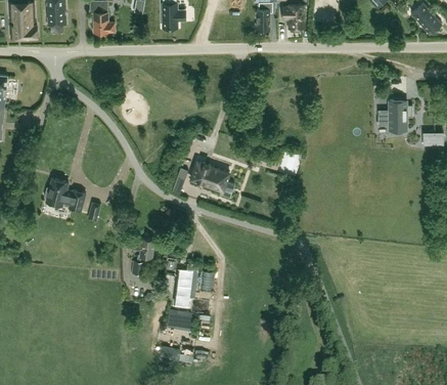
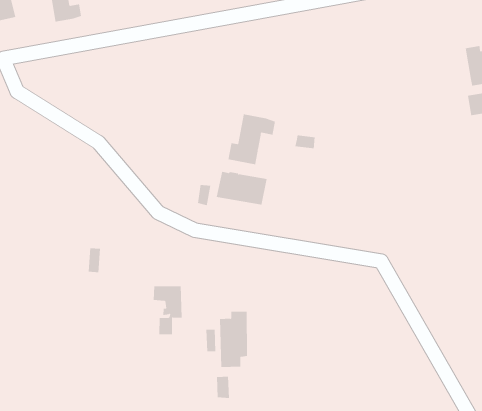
building: none -> [228,113,276,165]
building: [46,179,87,211] -> none

